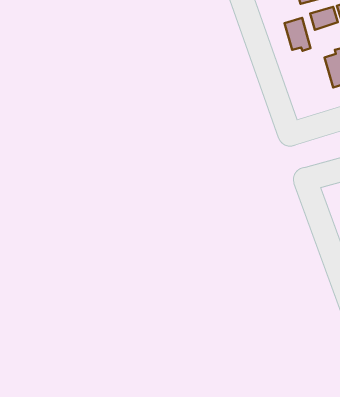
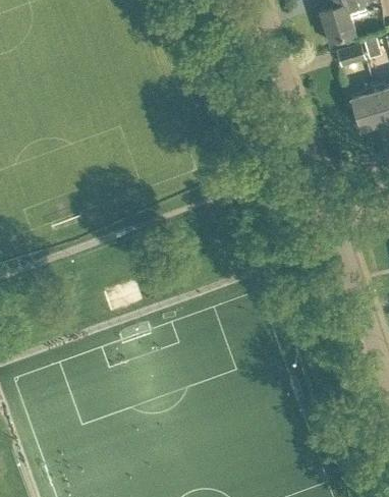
building: [284,18,310,51] -> none

